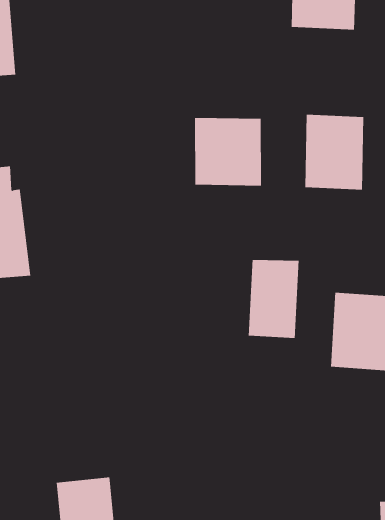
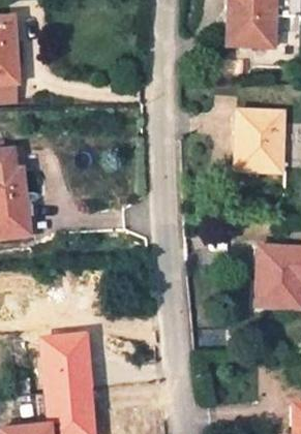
building: [194,117,261,186] -> none
building: [248,259,299,339] -> none
building: none -> [42,336,89,392]

